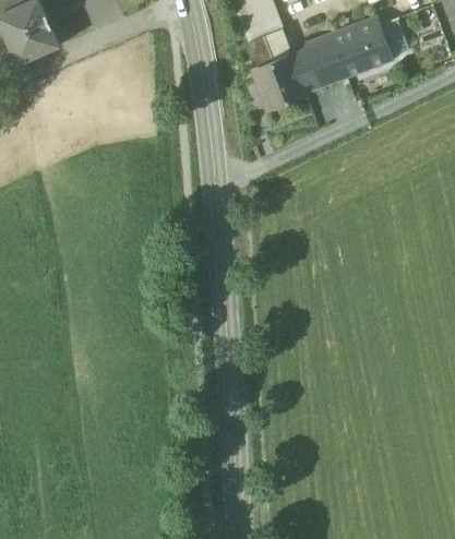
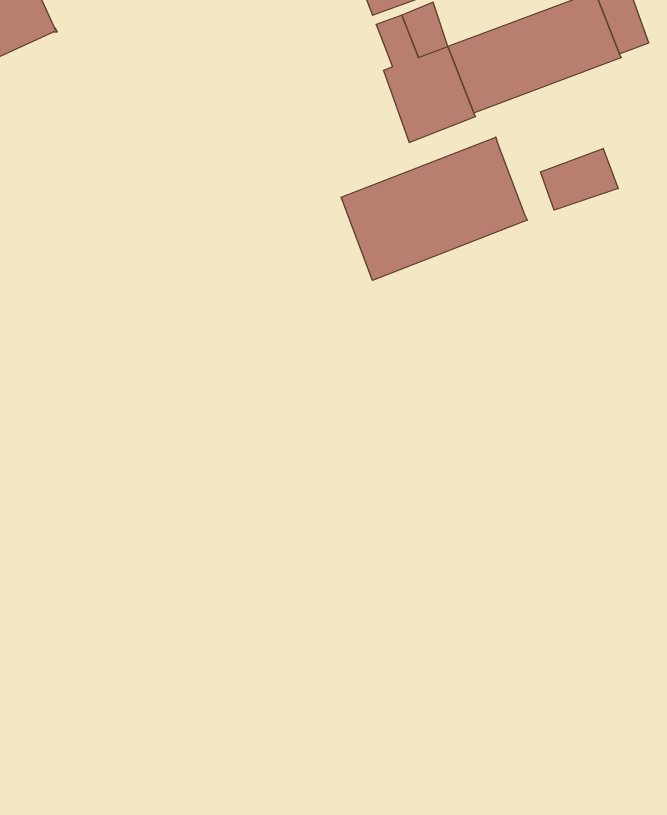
building: none -> [341,137,527,280]
building: none -> [540,148,618,210]

